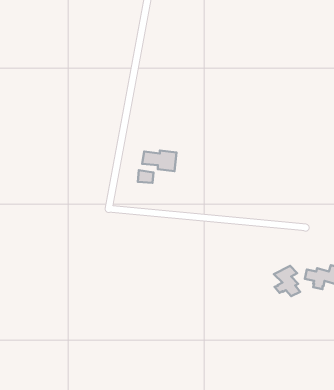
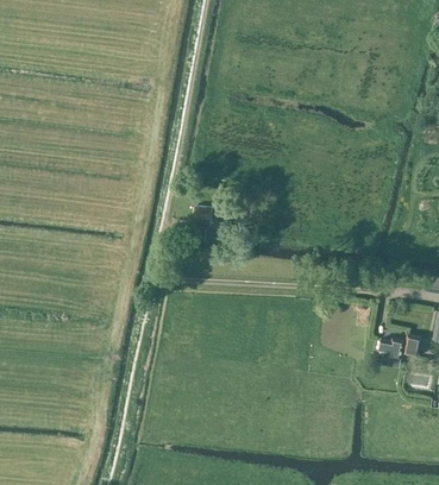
building: [274,266,300,296] -> none

